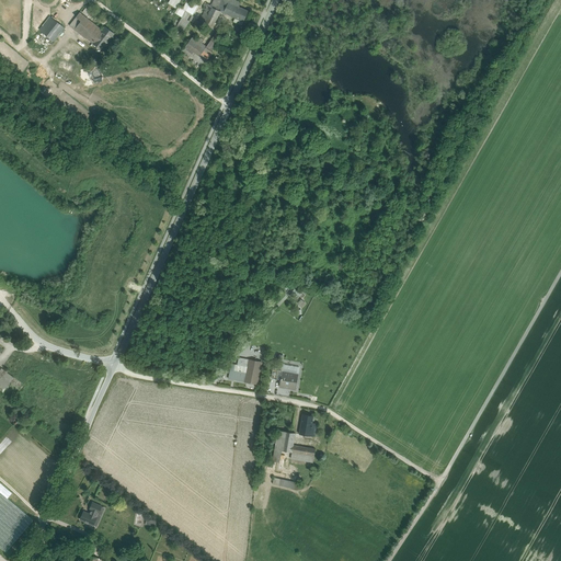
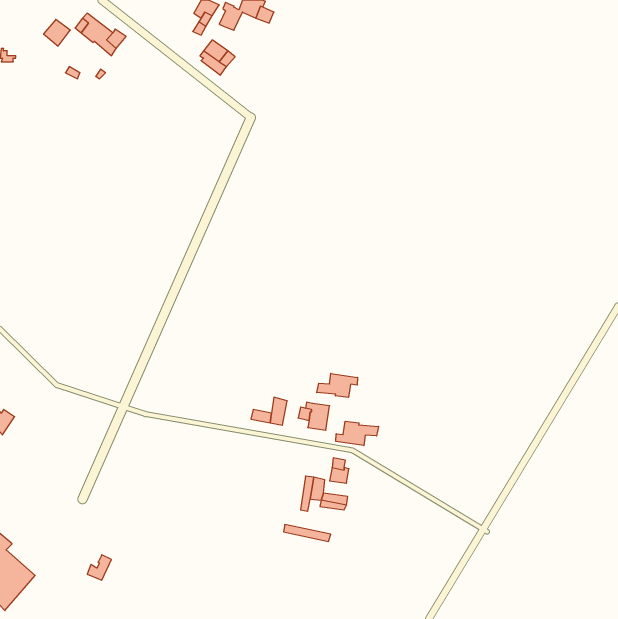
building: none -> [317,373,358,397]
building: none -> [336,421,379,446]

